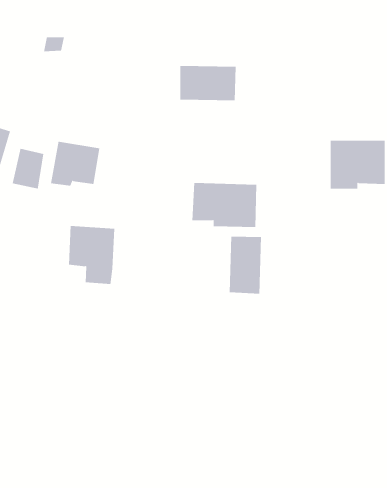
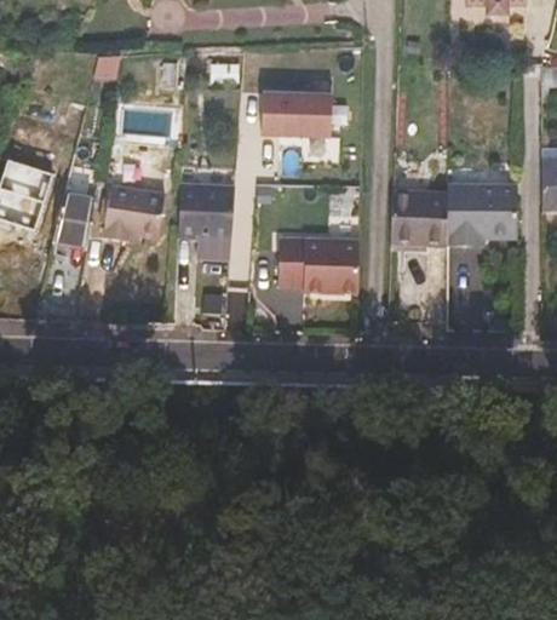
building: none -> [391,191,447,245]
building: [68,225,115,284] -> [177,186,235,259]
building: [229,236,262,294] -> none

